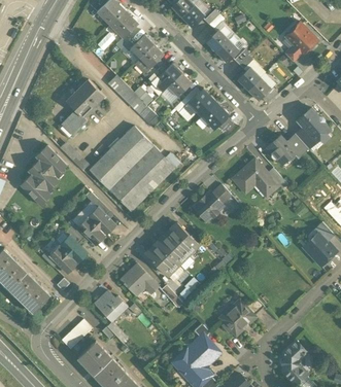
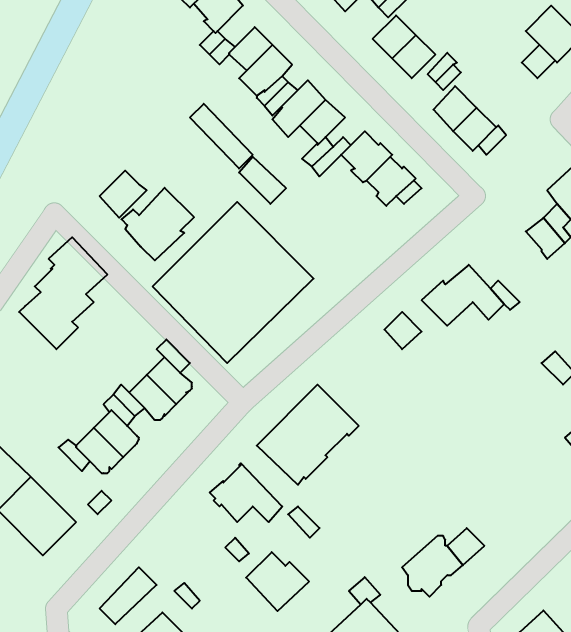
building: [65,79,103,117] -> [121,188,194,260]
building: [266,136,294,164] -> none
building: [193,191,223,220] -> none
building: [94,290,127,321] -> [246,552,309,611]

